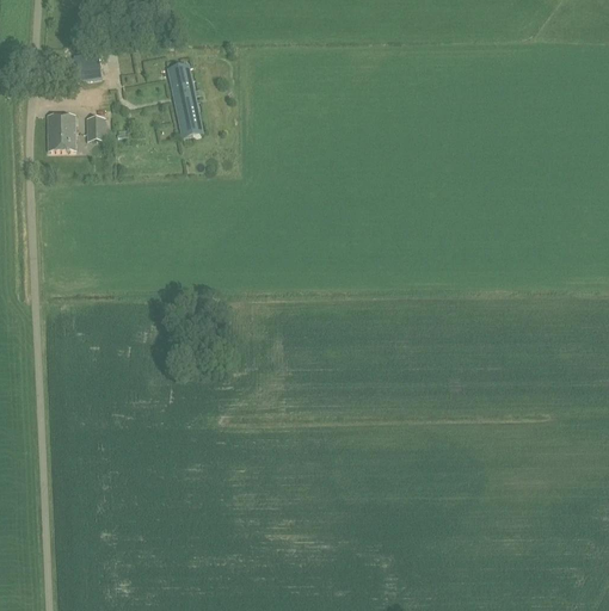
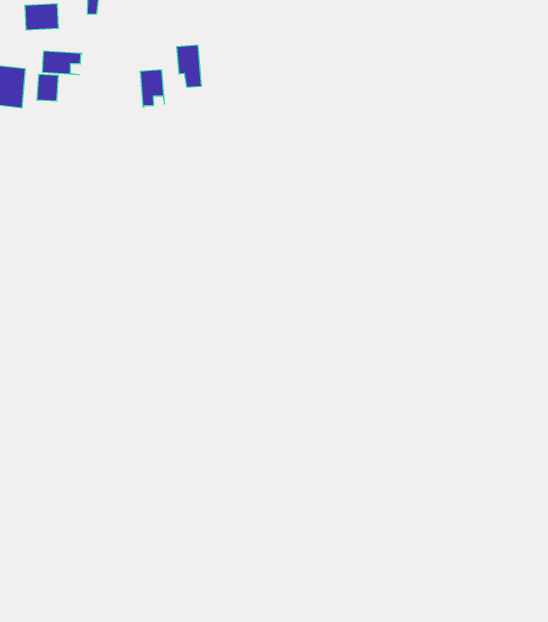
building: [168,66,195,104] -> [176,45,202,87]
building: none -> [43,51,82,75]

